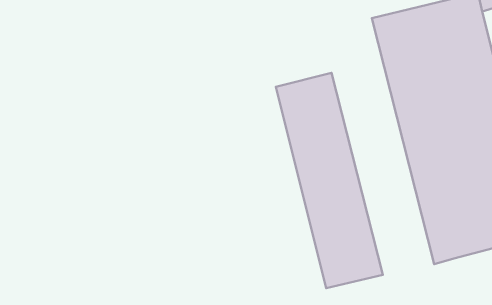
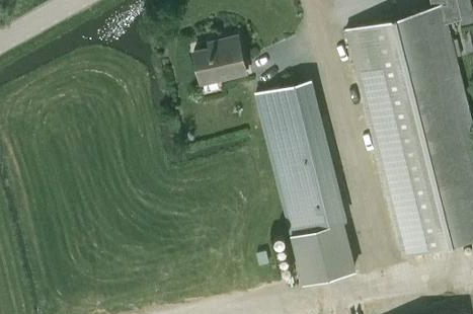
building: none -> [194,38,246,86]

